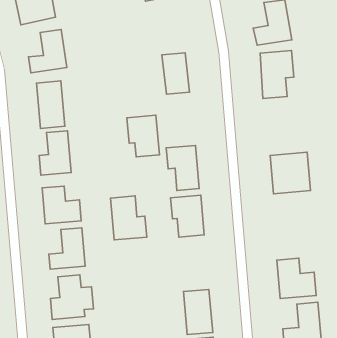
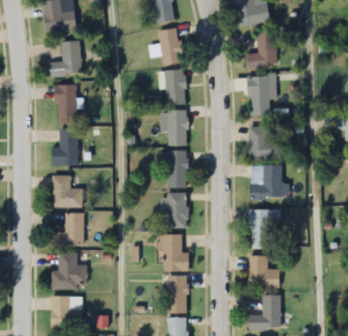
building: none -> [157,28,183,65]
building: none -> [249,126,279,159]
building: [127,115,159,157] -> [161,111,187,145]
building: [111,196,147,240] -> [160,234,189,270]
building: none -> [249,209,276,248]

